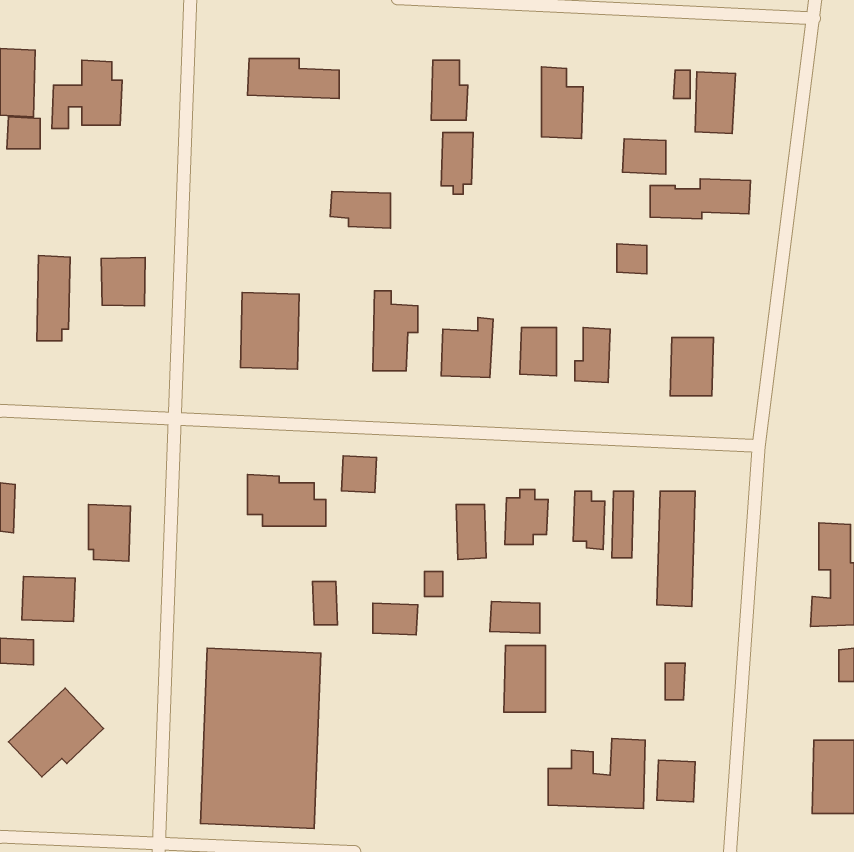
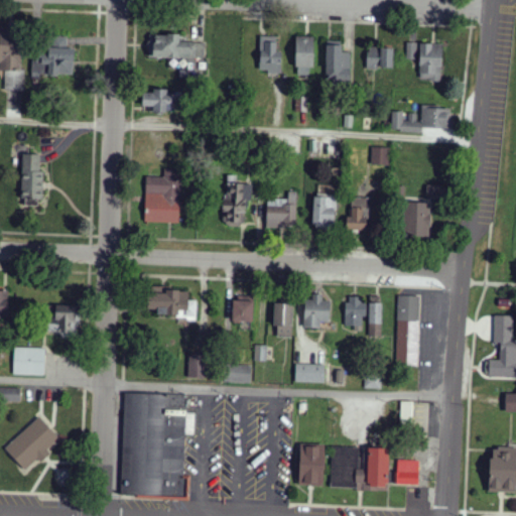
building: [441,132,473,194] -> [295,36,314,74]
building: [622,139,666,174] -> [367,47,393,69]
building: [330,191,390,228] -> [142,92,178,114]
building: [101,258,145,306] -> none
building: [341,456,377,493] -> [233,301,254,324]
building: [504,645,546,712] -> [299,444,325,485]

